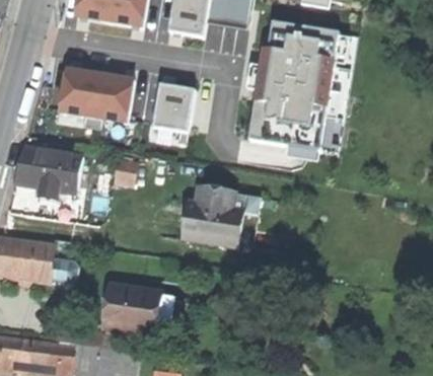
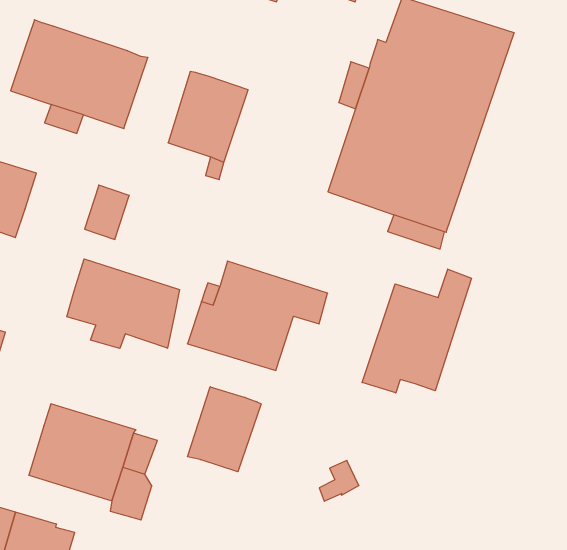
building: none -> [362,269,471,393]
building: none -> [67,259,179,348]
building: none -> [188,387,261,472]

